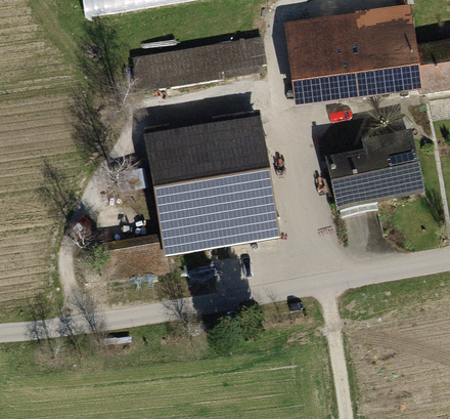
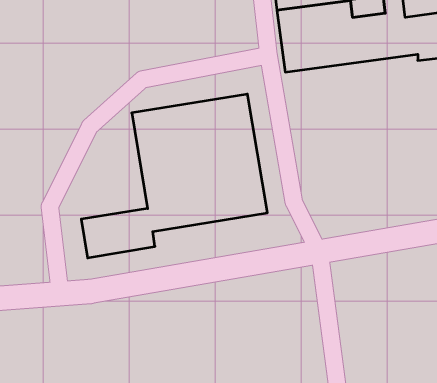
building: [132,36,265,90] -> none
building: [330,134,429,221] -> none

